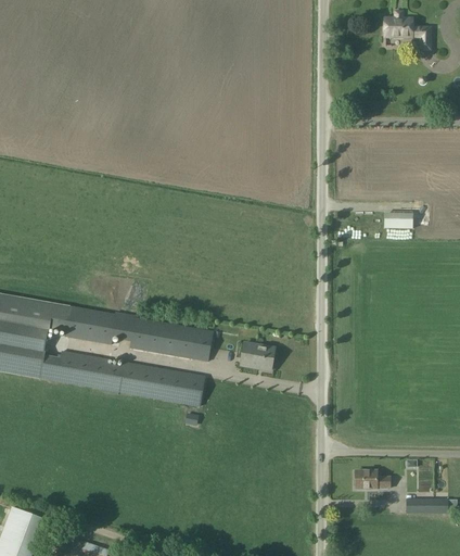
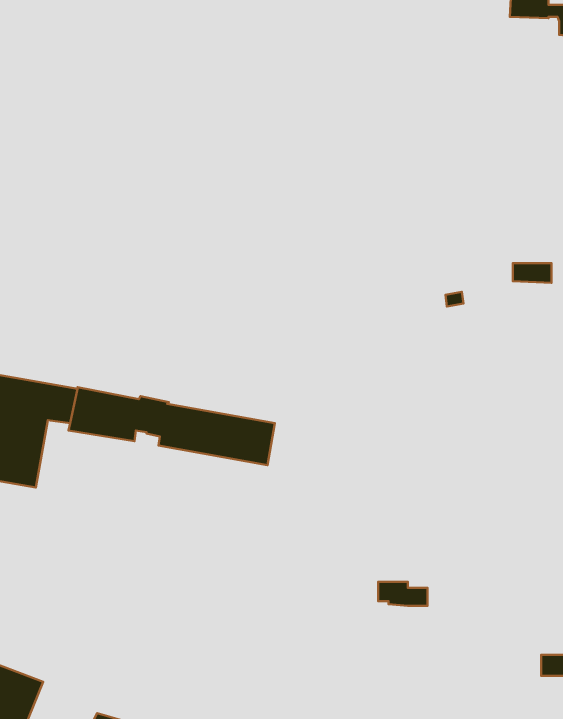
building: [237,324,274,367] -> none
building: [56,351,205,406] -> none
building: [355,471,391,489] -> [378,582,427,606]

